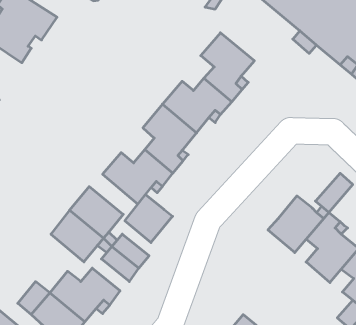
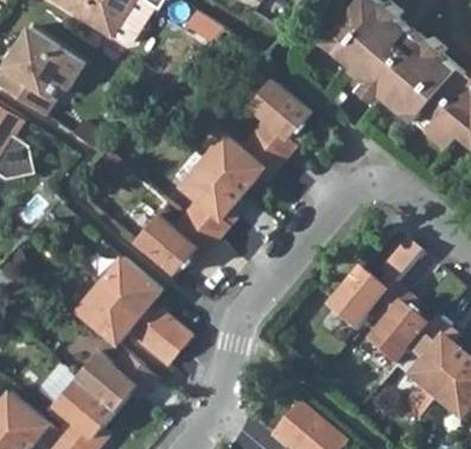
building: [125,194,173,243] -> none

